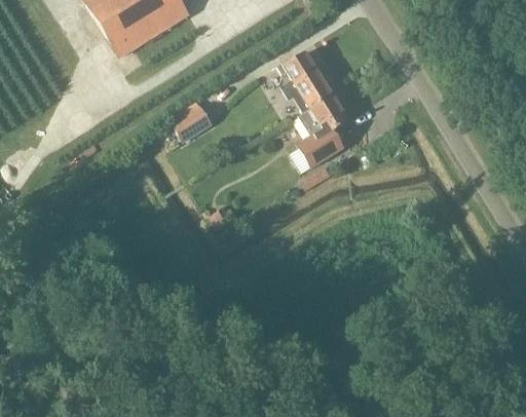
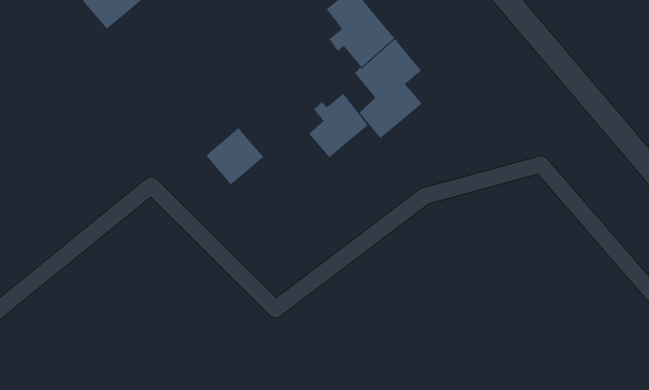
building: [168,99,212,141] -> [206,127,264,185]
building: none -> [308,93,369,158]

